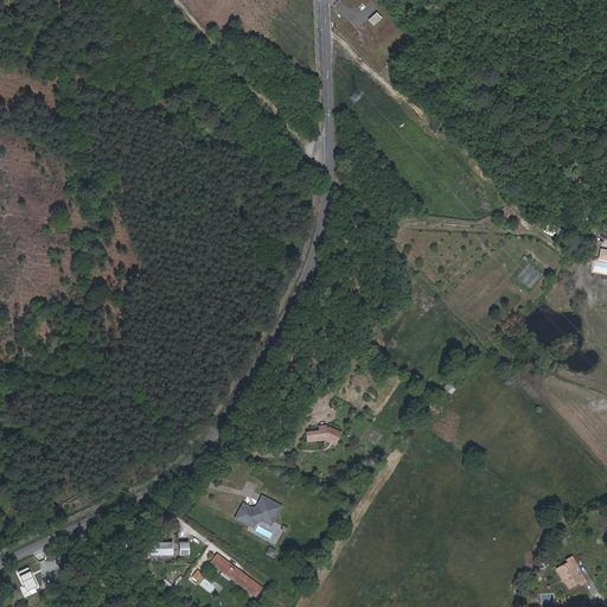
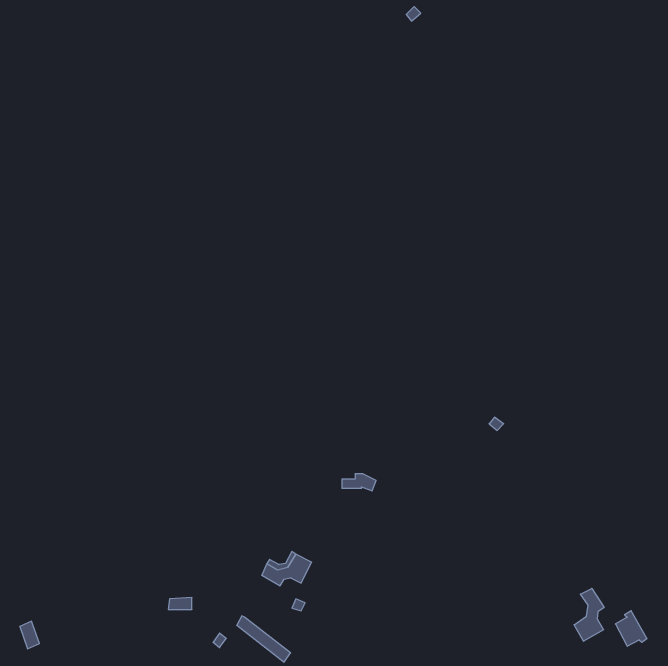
building: none -> [574,588,604,641]

